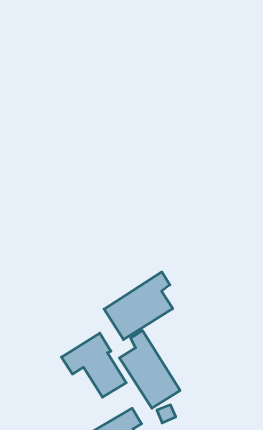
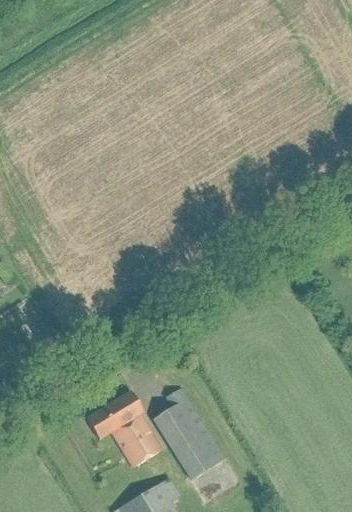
building: [104,272,173,340] -> none

